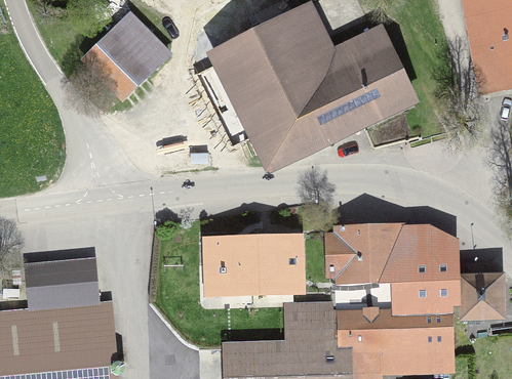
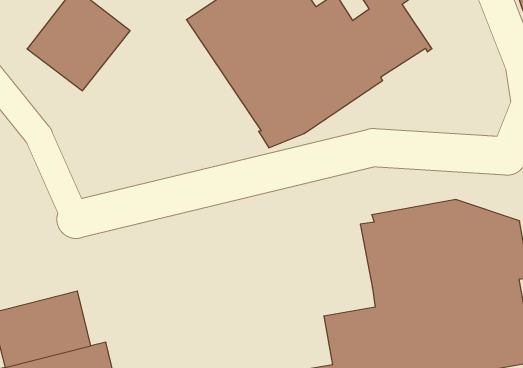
building: [206,240,302,295] -> none

